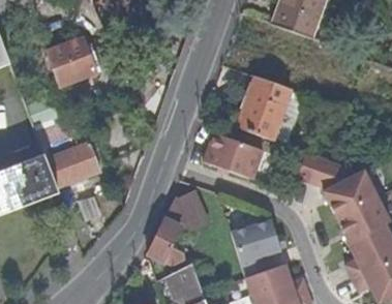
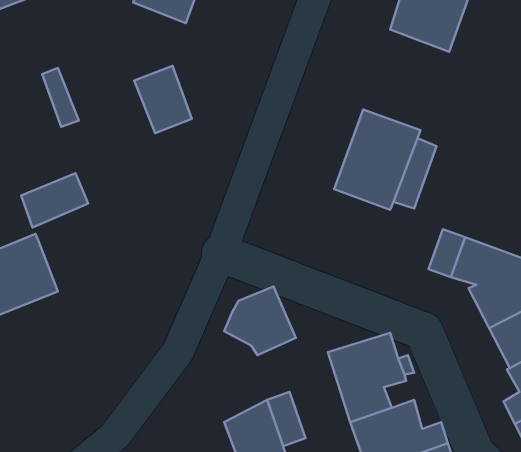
building: [57,38,94,82] -> [134,66,192,133]
building: [203,131,263,178] -> none
building: [44,142,101,187] -> none
building: [148,218,185,265] -> none

